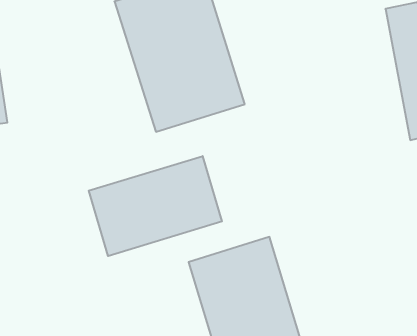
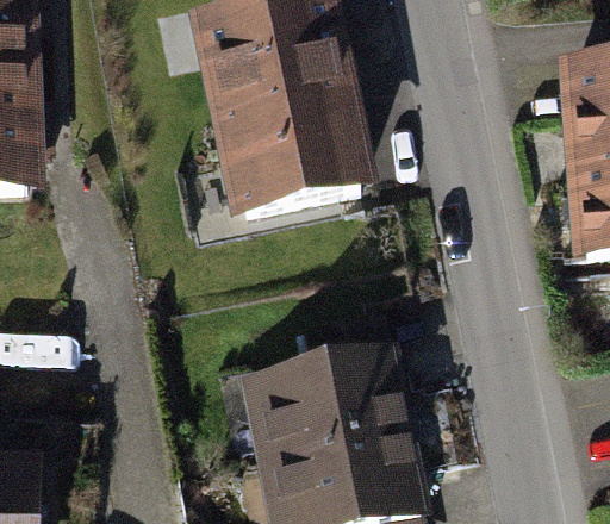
building: [89,156,222,256] -> none

